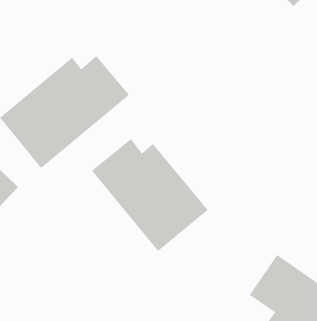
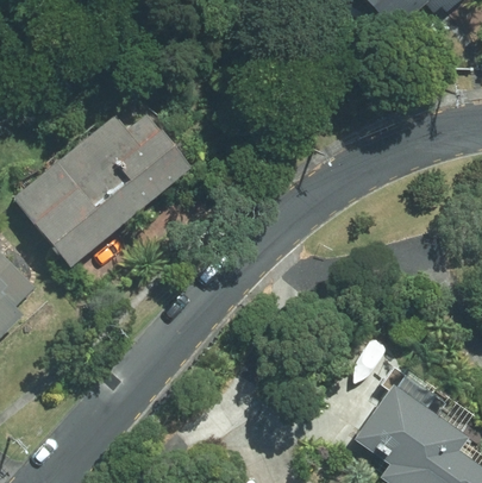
building: [91,138,209,252] -> none

